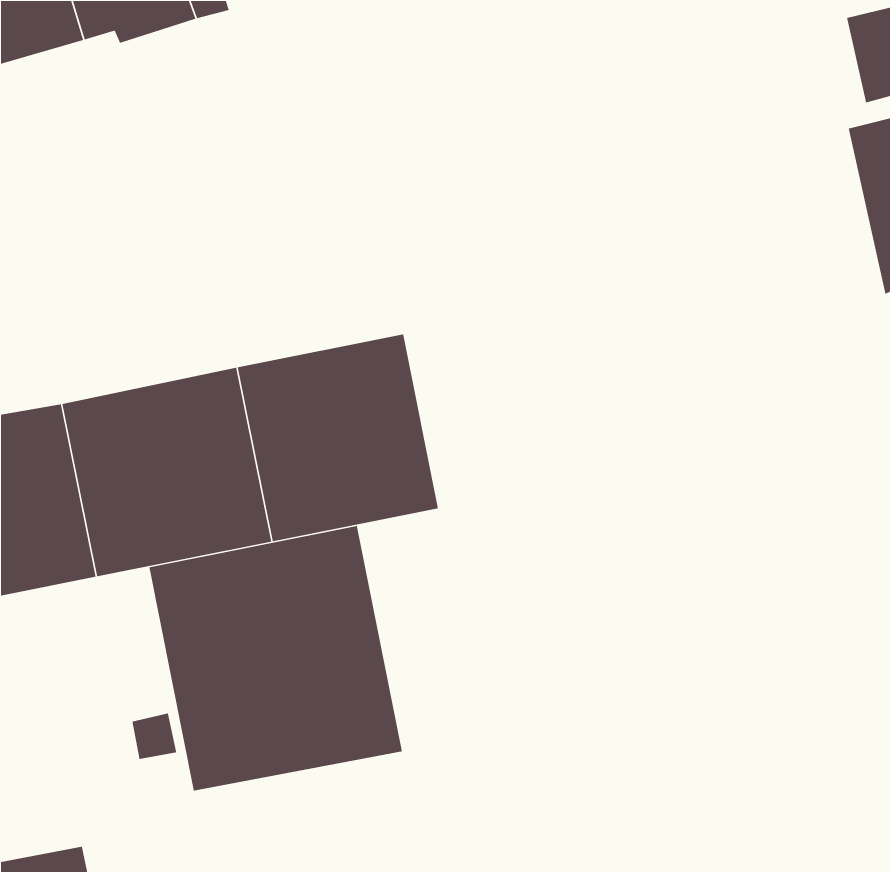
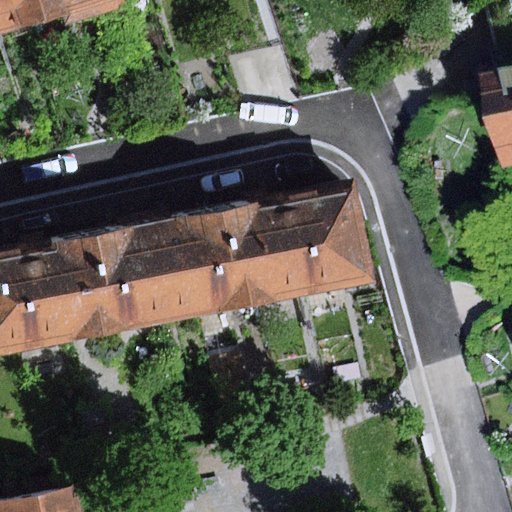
building: none -> [234,186,349,304]
building: [149,525,403,792] -> none

